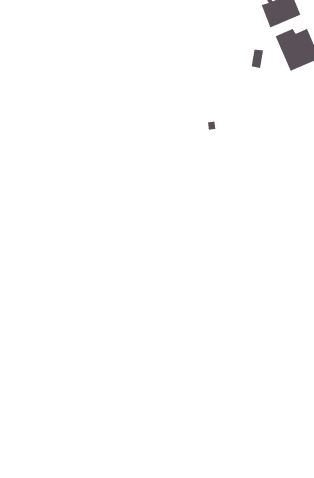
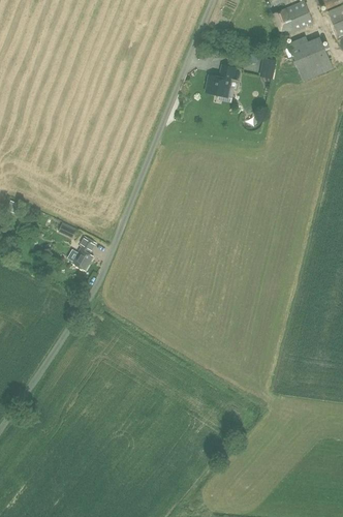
building: none -> [206,64,240,96]
building: none -> [69,236,96,270]

